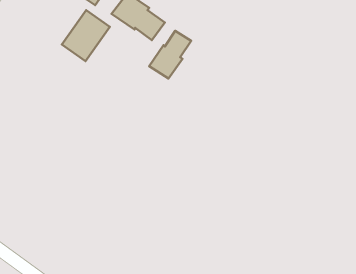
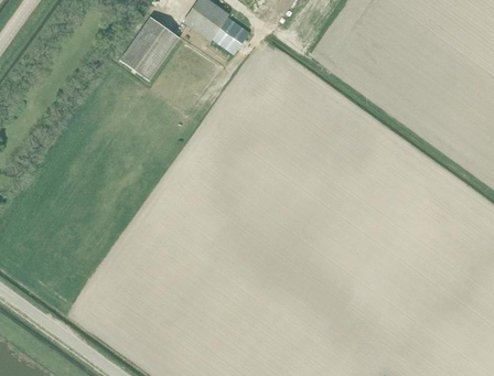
building: [149,31,191,78] -> none

